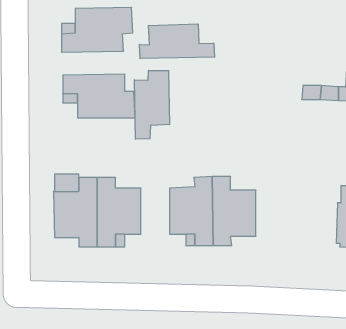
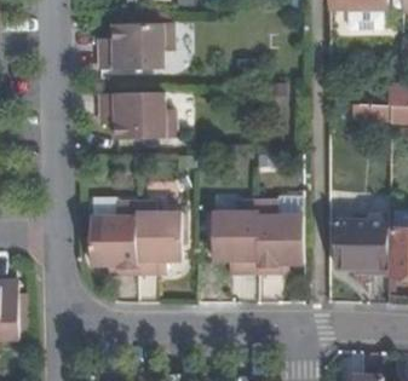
building: [140,24,214,59] -> none
building: [134,70,169,139] -> none
building: none -> [334,214,389,273]

